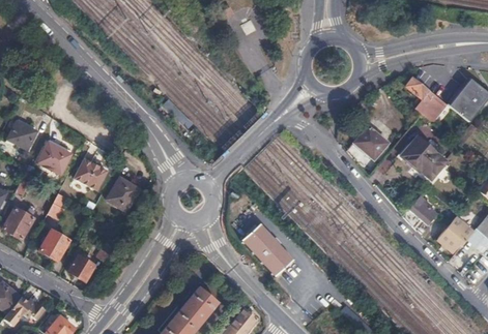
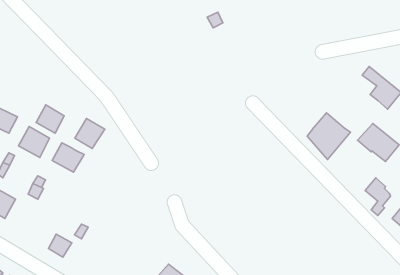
building: none -> [36,105,64,133]
building: [108,178,140,210] -> [75,119,105,149]
building: [246,219,296,273] -> none
building: [39,229,70,261] -> none

